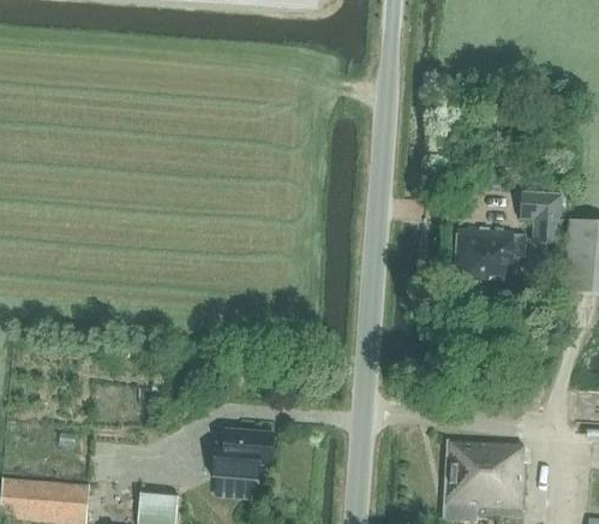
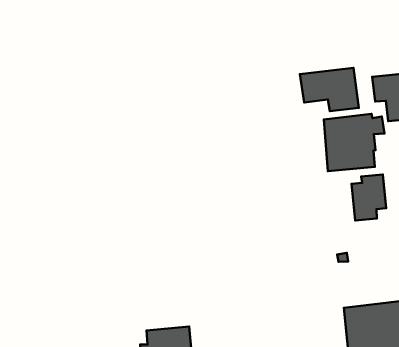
building: none -> [300,68,359,111]
building: none -> [352,174,386,220]

